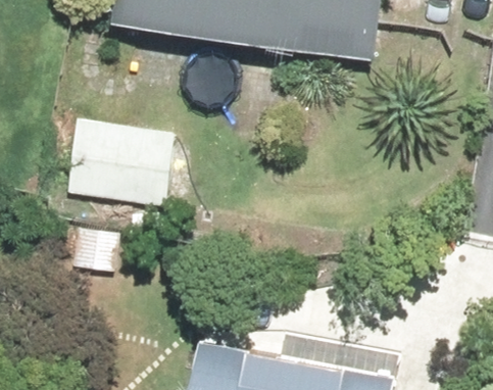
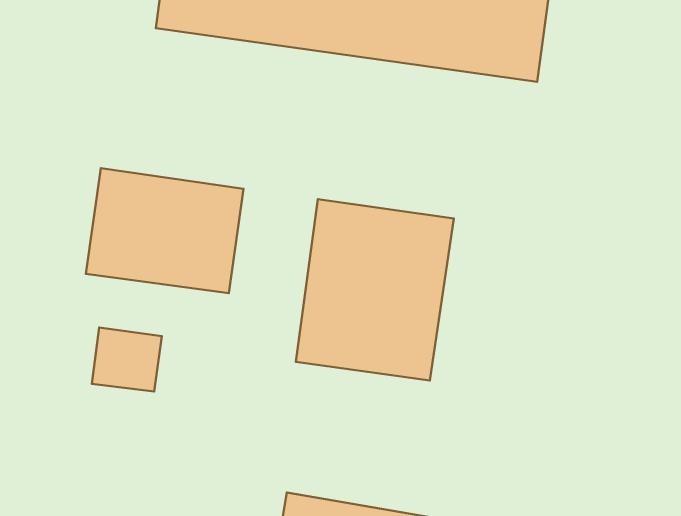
building: none -> [296,199,454,381]

